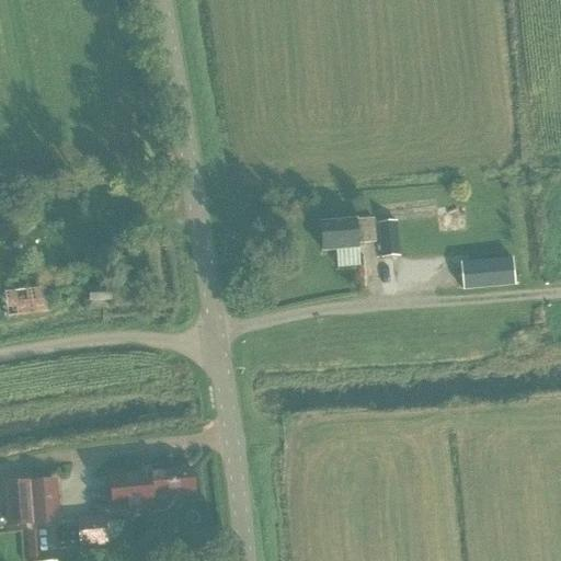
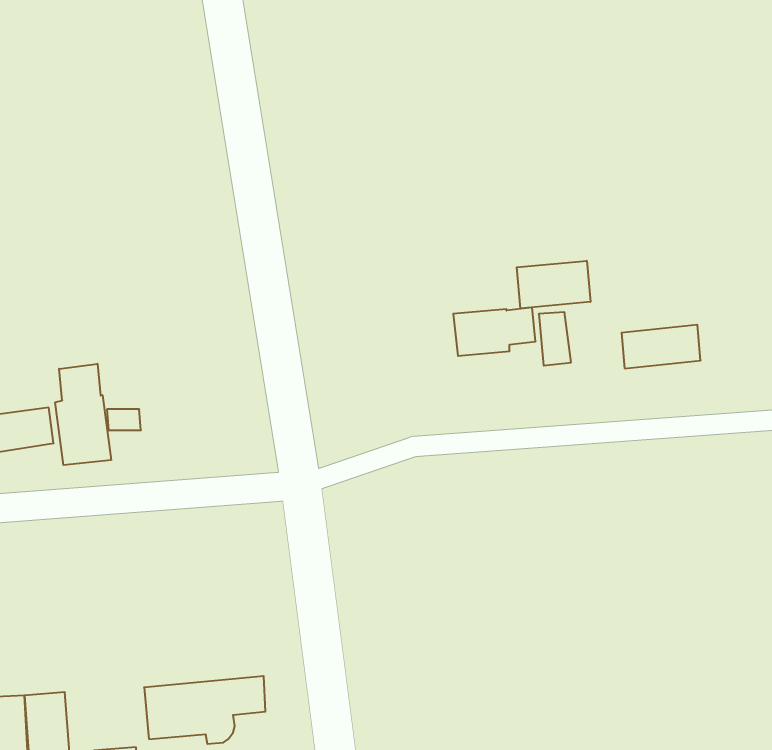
building: none -> [517,261,590,309]
building: none -> [55,364,111,465]
building: [460,257,514,287] -> [621,325,701,368]

